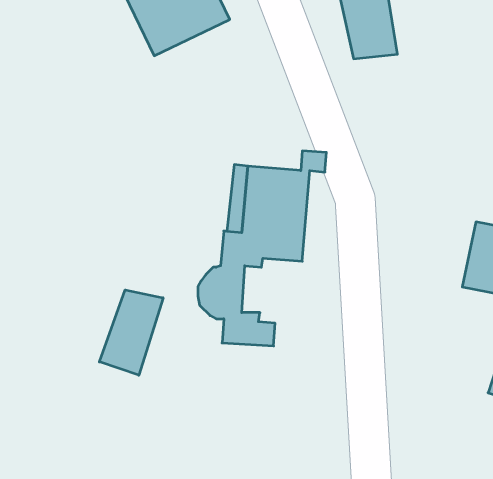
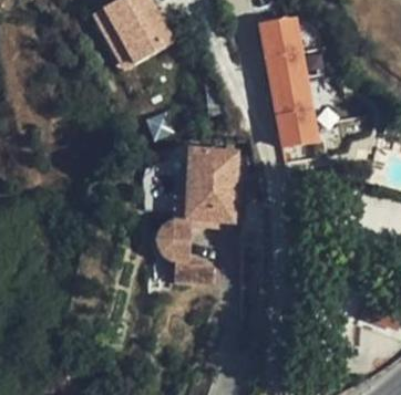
building: none -> [269,67,315,143]
building: [99,290,163,375] -> none

